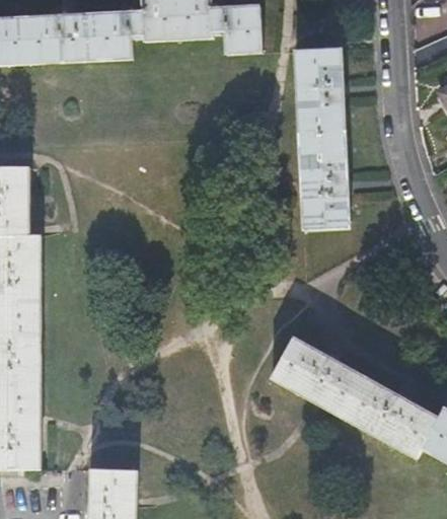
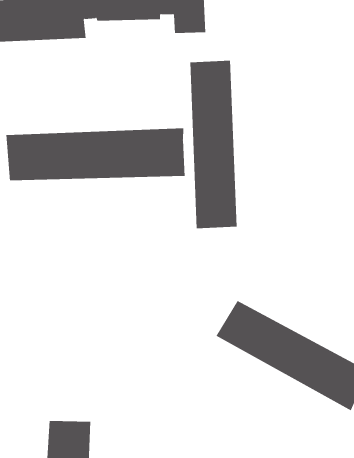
building: [296,49,348,230] -> [189,60,237,229]
building: none -> [6,127,185,181]

